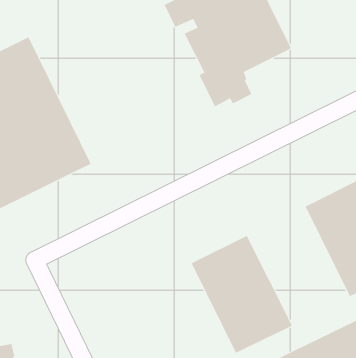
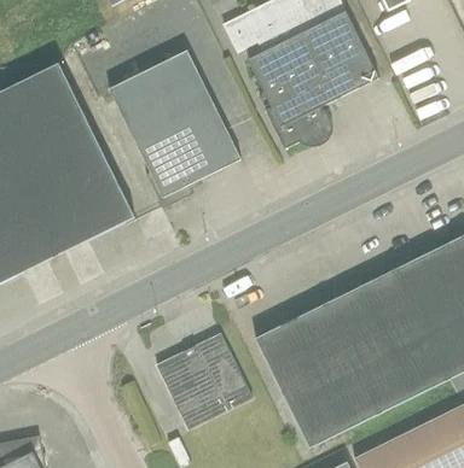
building: none -> [110,49,242,209]
building: none -> [325,269,450,414]
building: none -> [156,332,254,429]

